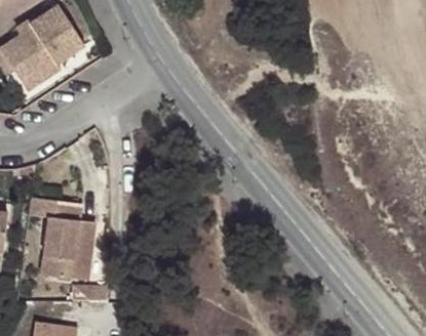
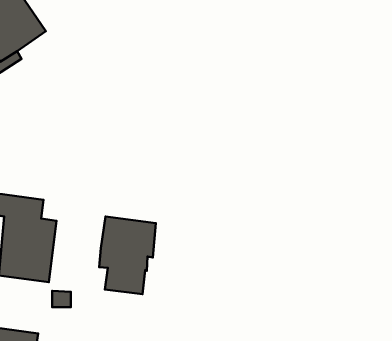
building: none -> [99,217,156,294]

